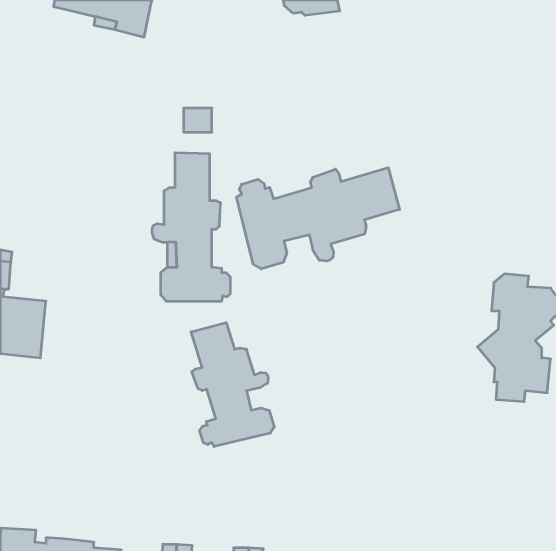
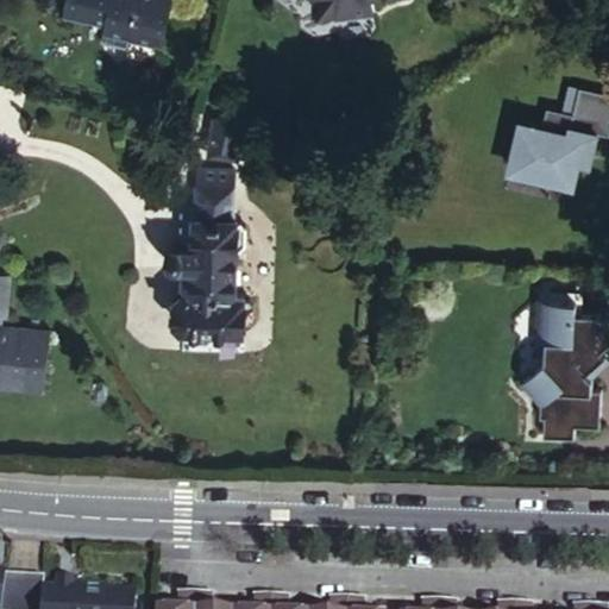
building: none -> [507,82,601,177]
building: [237,168,400,269] -> none
building: [191,323,274,447] -> none

